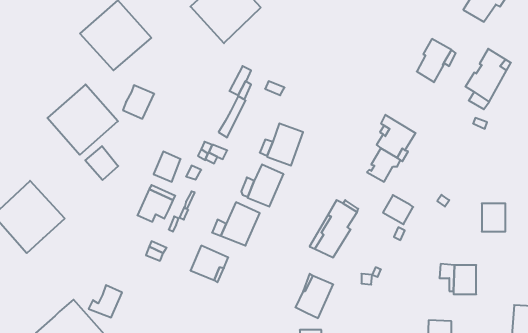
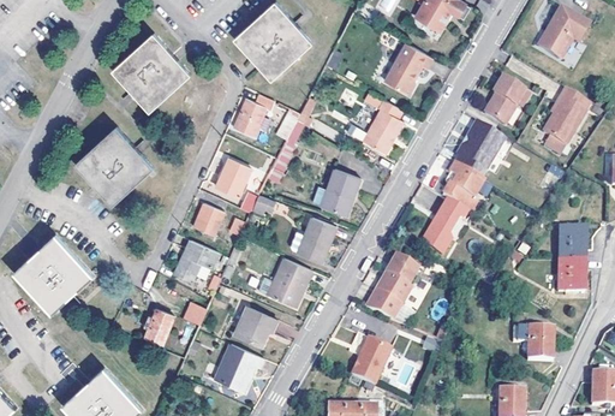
building: none -> [380,43,429,95]
building: none -> [234,94,274,135]
building: none -> [360,94,399,156]
building: none -> [456,121,506,172]
building: [123,85,154,119] -> [216,158,251,195]
building: [85,146,118,180] -> none
building: none -> [557,230,584,260]
building: [383,195,413,224] -> [419,225,453,257]
building: none -> [215,344,263,391]
building: [89,285,122,317] -> [137,308,174,344]

